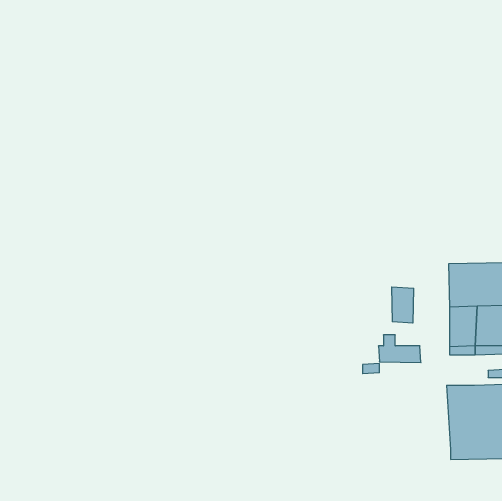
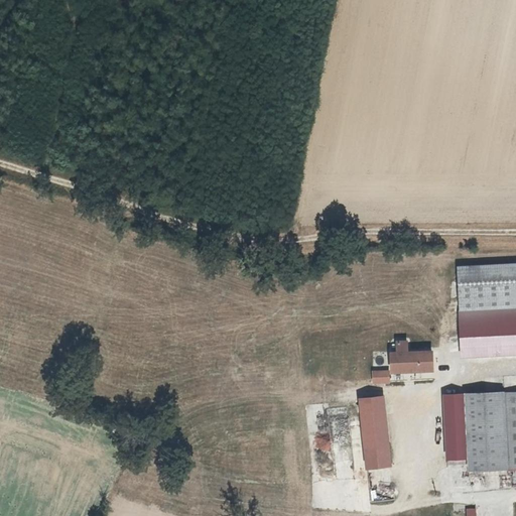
building: [392,287,414,323] -> none
building: none -> [441,393,463,460]
building: none -> [360,395,386,466]

